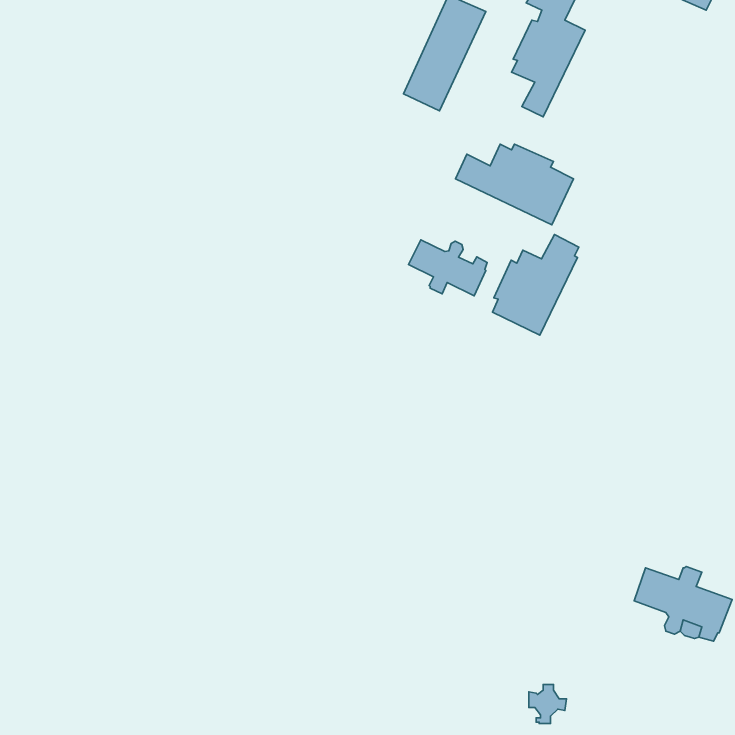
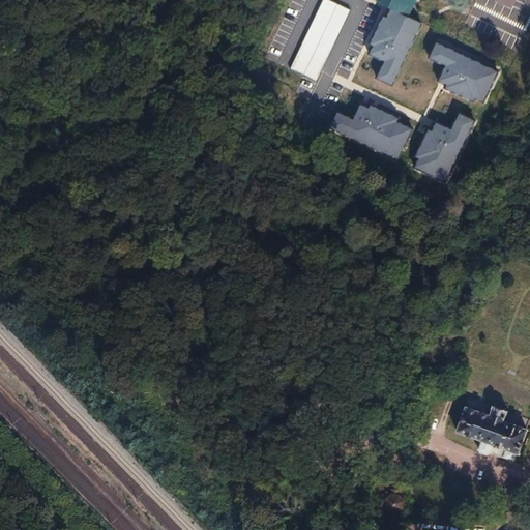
building: none -> [426,38,499,102]
building: [492,234,579,335] -> [413,110,475,182]
building: [409,240,487,296] -> none

